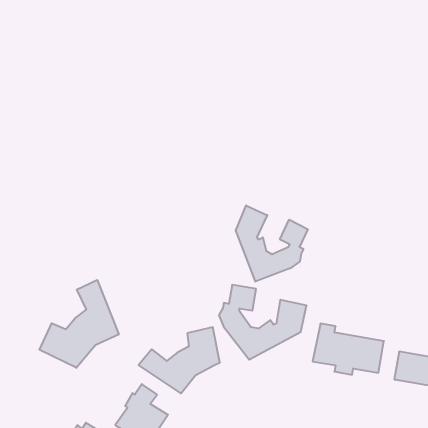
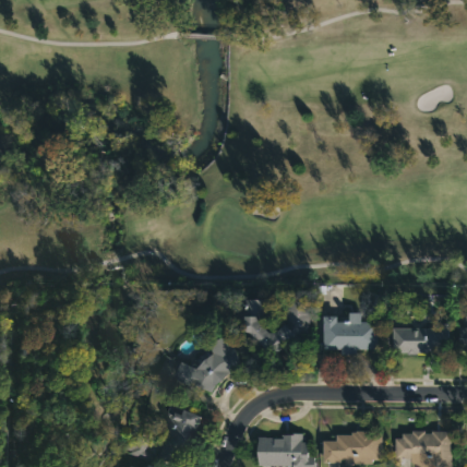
building: [236,205,308,282] -> none
building: [40,280,119,368] -> none

